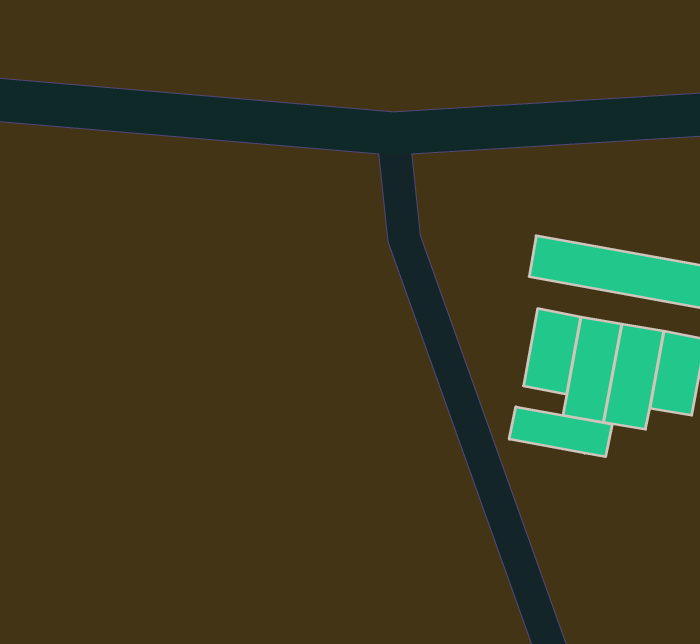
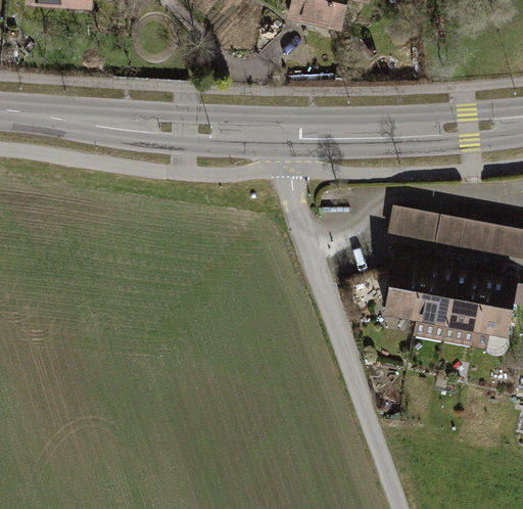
building: [509,407,612,457] -> none

